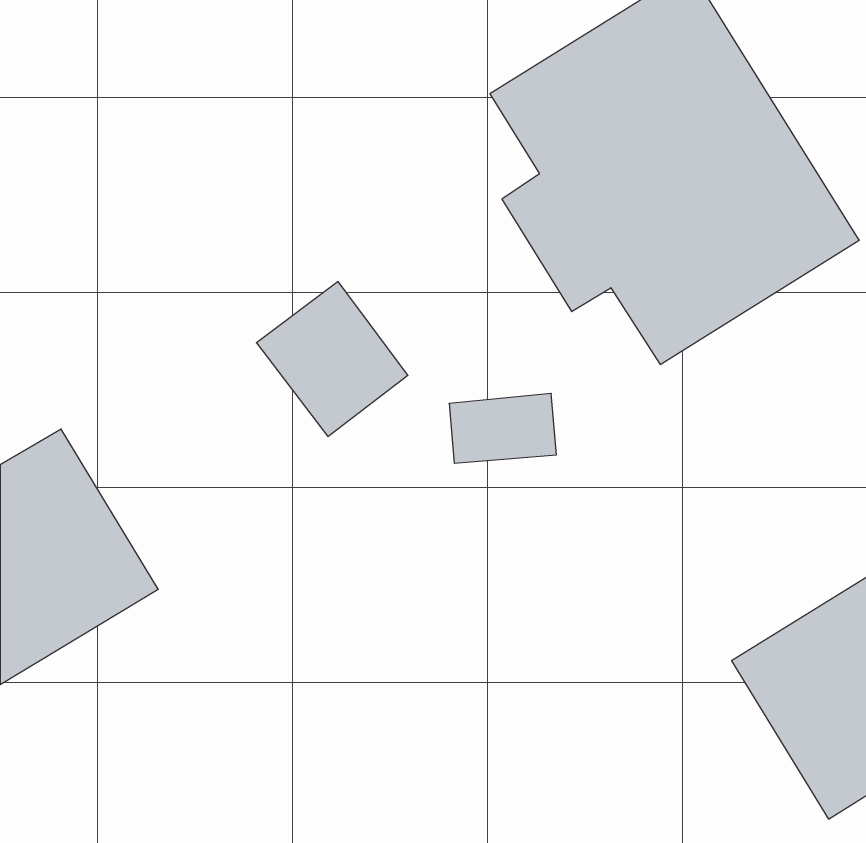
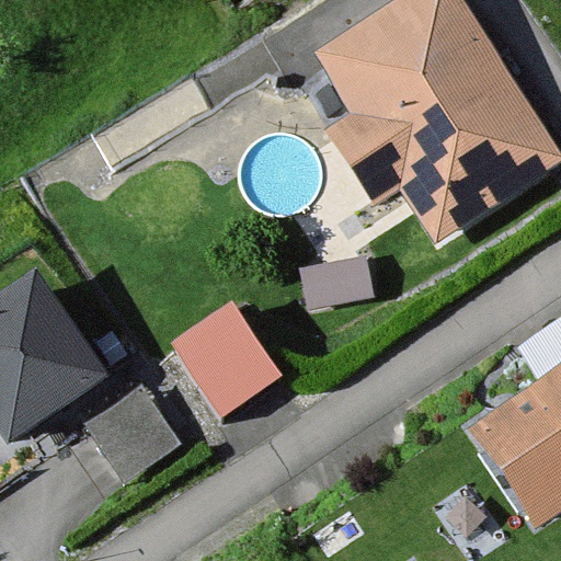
building: [256,282,408,437] -> [181,309,278,409]
building: none -> [83,387,173,478]

